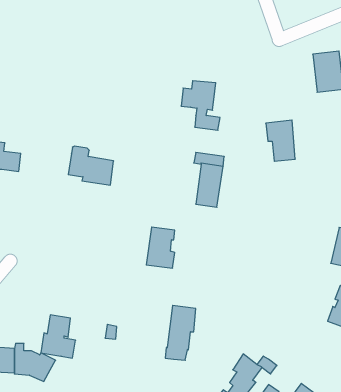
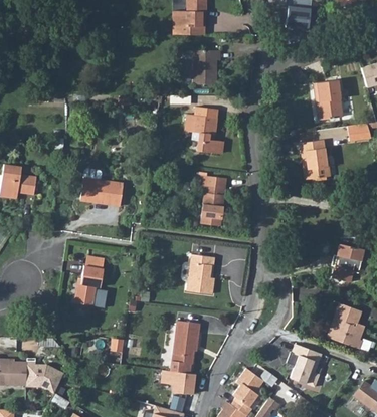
building: none -> [195,47,222,82]
building: [266,120,295,161] -> [299,138,327,177]
building: [146,227,175,268] -> [187,254,214,293]
building: [41,315,76,358] -> [75,266,109,307]
building: none -> [289,343,321,387]
building: none -> [162,370,195,394]

